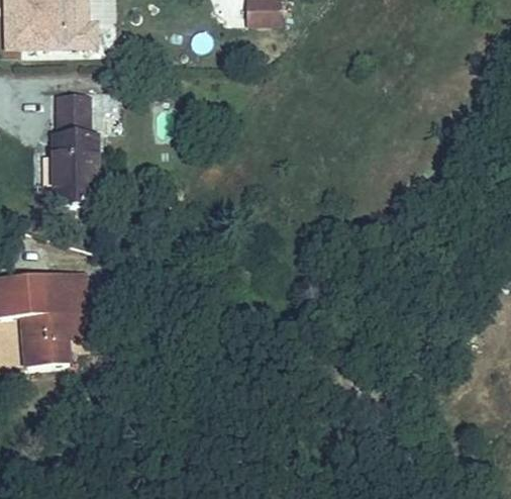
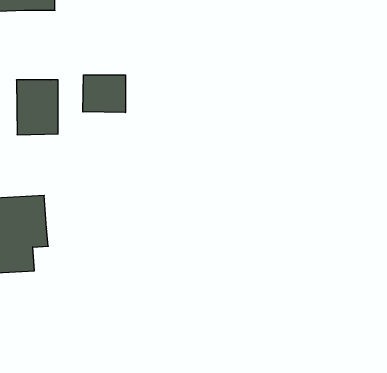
building: [58,93,92,130] -> none
building: none -> [83,75,125,113]

